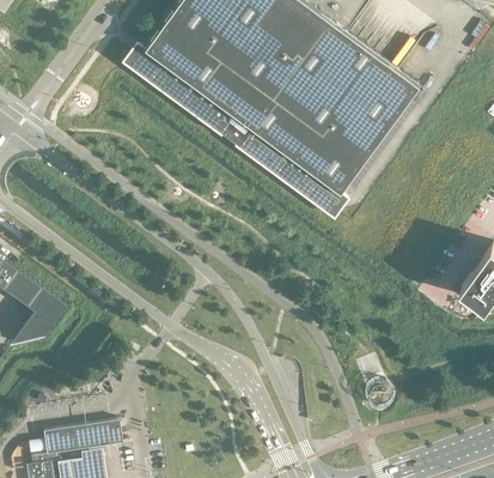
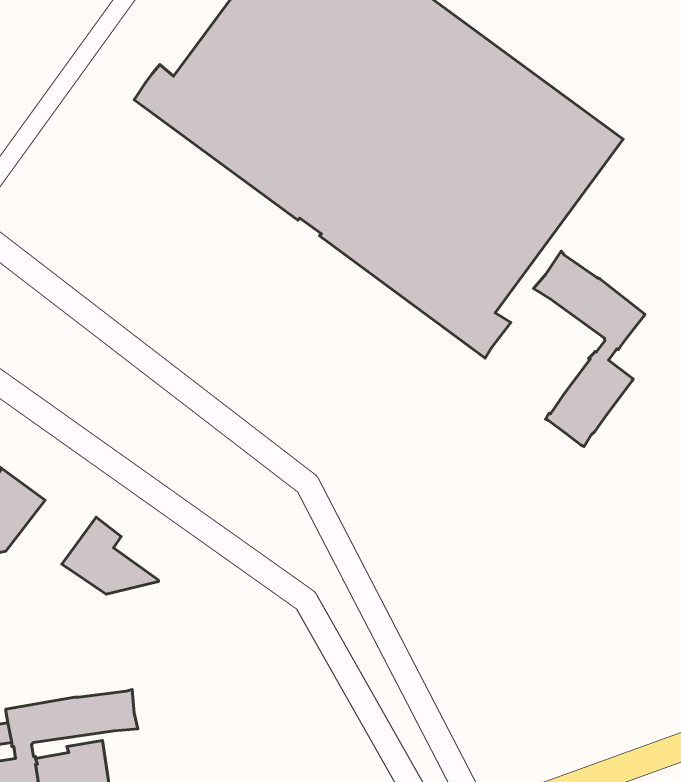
building: none -> [534,251,645,447]
building: none -> [62,517,159,594]

